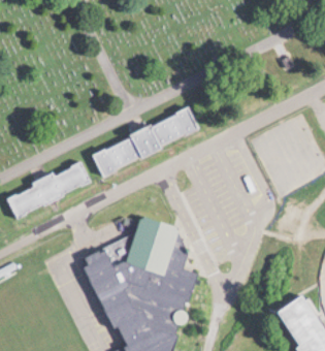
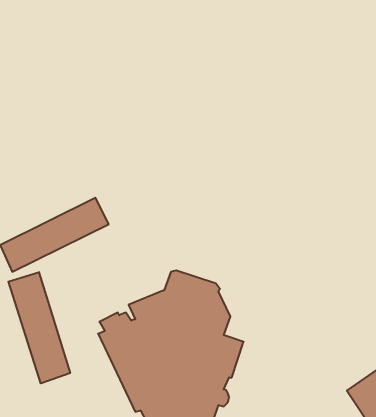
building: [91,106,199,177] -> none
building: none -> [8,272,70,383]

